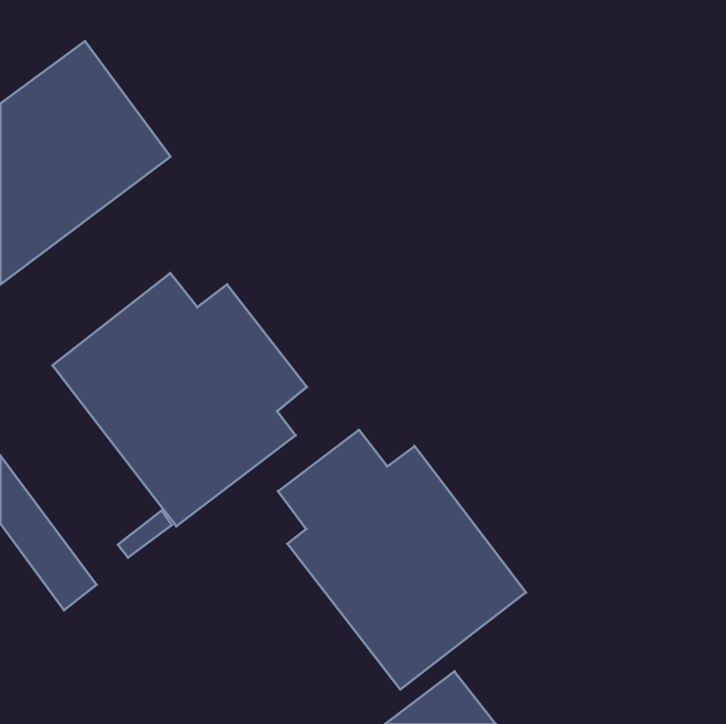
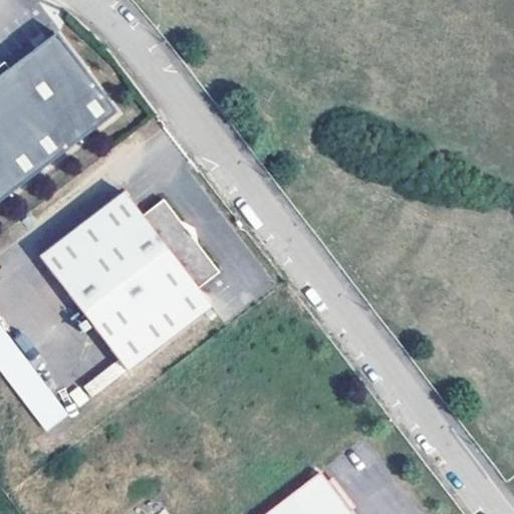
building: [278,430,526,689] -> none

